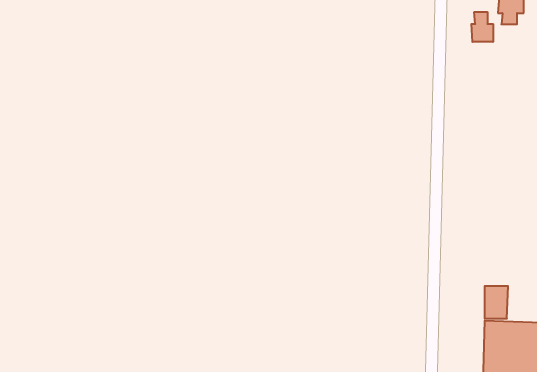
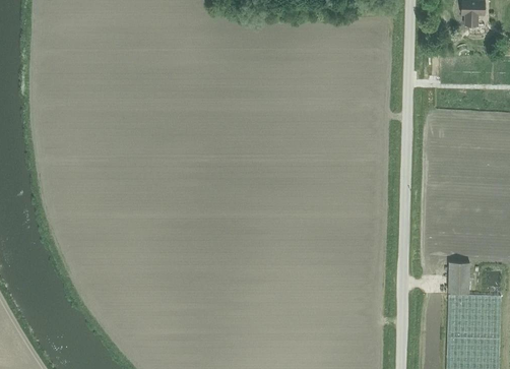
building: [471,12,493,42] -> none

